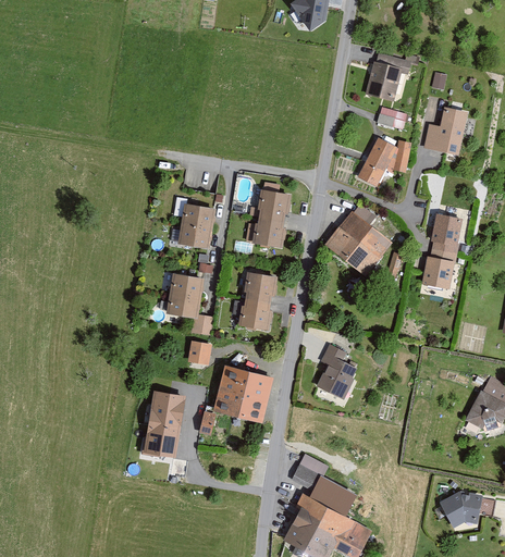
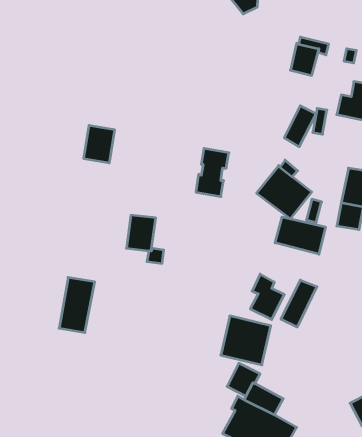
building: [377,108,406,132] -> none
building: [176,203,214,249] -> [84,125,115,163]
building: [237,272,276,331] -> none
building: none -> [275,217,325,254]
building: [186,337,210,362] -> none
building: none -> [281,280,317,327]
building: [213,366,274,425] -> [221,316,271,365]
building: [140,386,184,454] -> [59,277,95,333]

